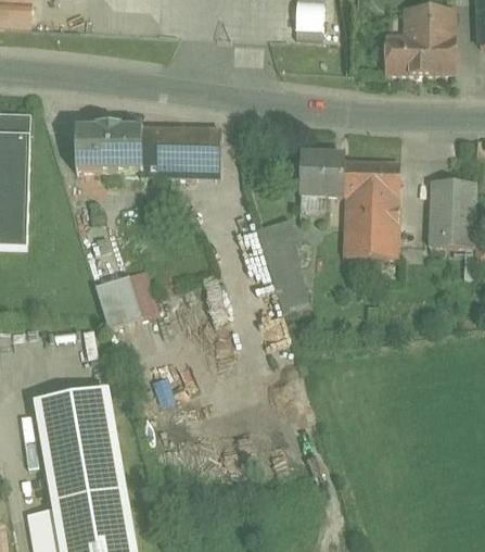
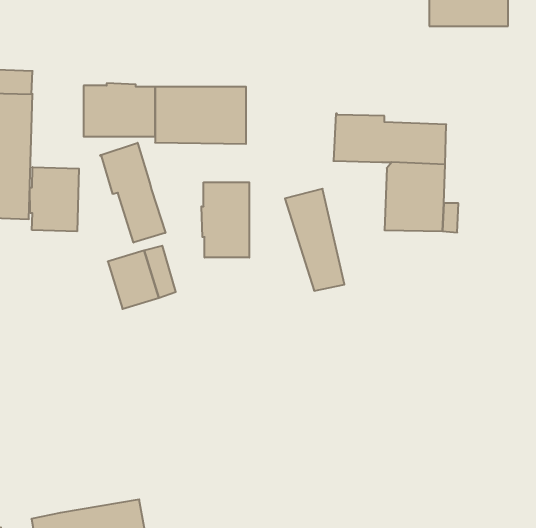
building: none -> [100,143,165,243]
building: [429,179,474,246] -> none
building: none -> [30,167,79,231]
building: none -> [201,182,249,258]
building: [36,390,125,509] -> none

